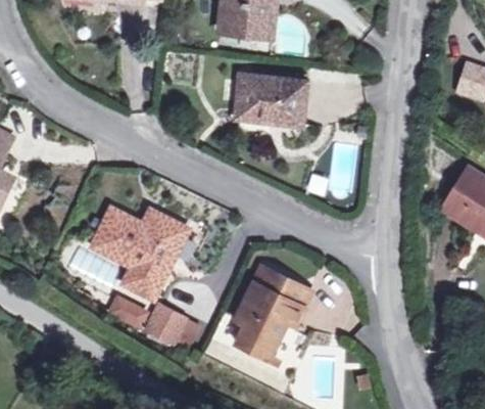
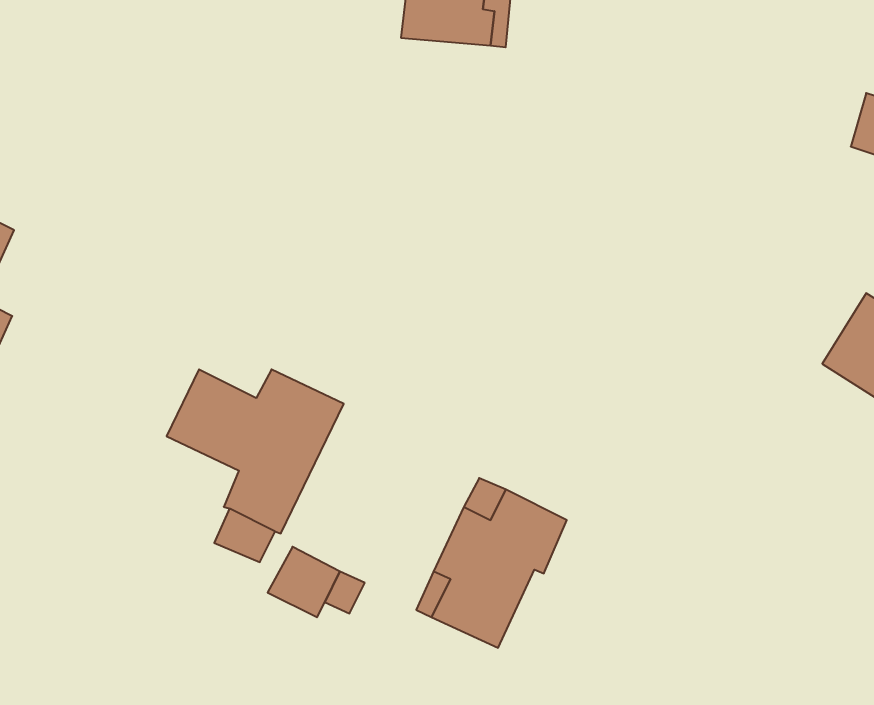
building: [237,76,306,126] -> none

